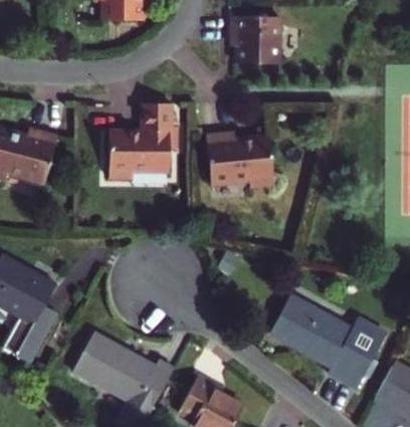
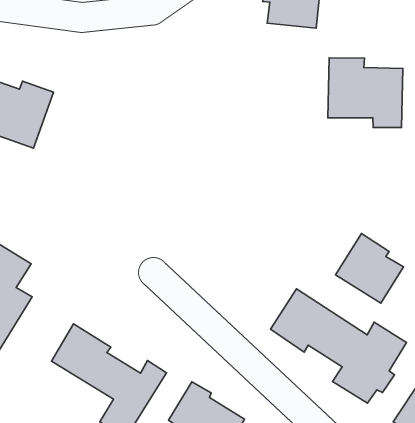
building: [113,103,179,181] -> none
building: [207,131,273,189] -> [328,58,403,127]
building: none -> [336,233,403,303]

